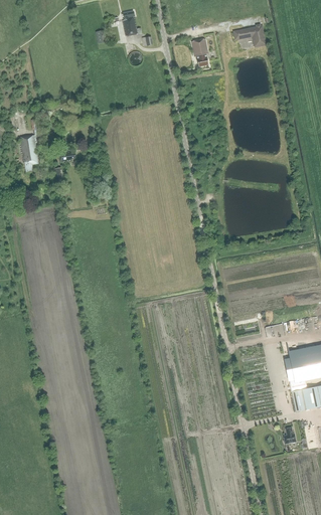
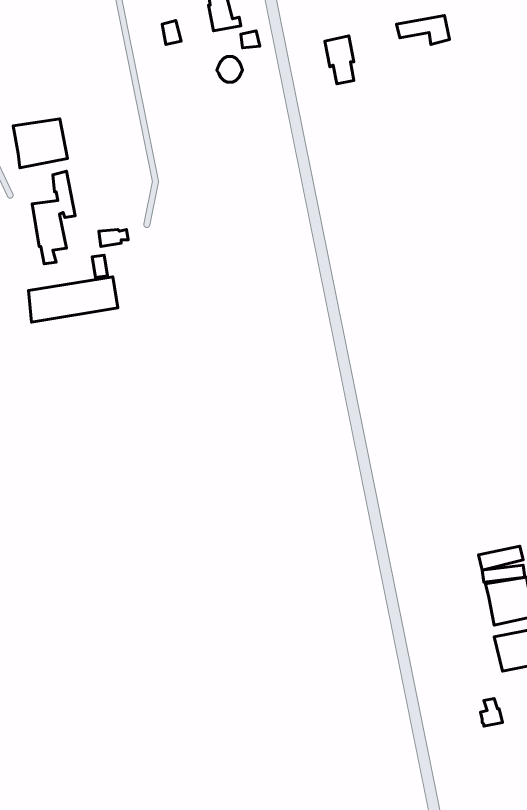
building: none -> [13,119,68,168]
building: none -> [28,277,118,322]

